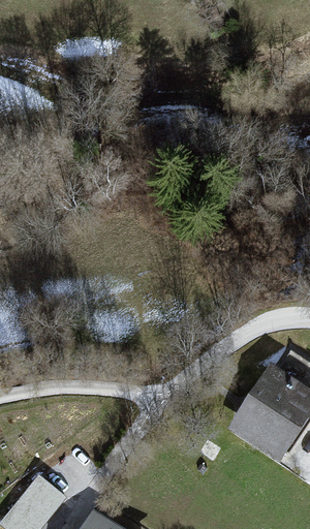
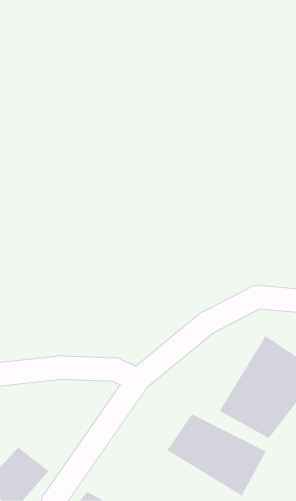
building: none -> [167,414,266,497]

